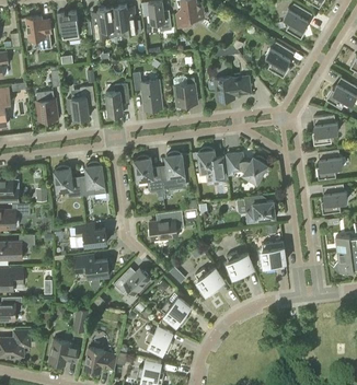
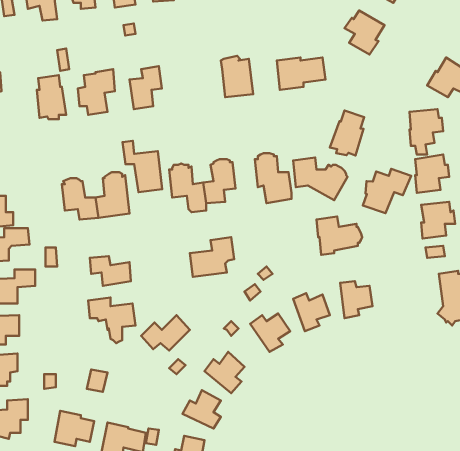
building: [133,72,162,110] -> [122,141,162,192]
building: none -> [330,110,364,156]
building: none -> [363,169,411,213]

